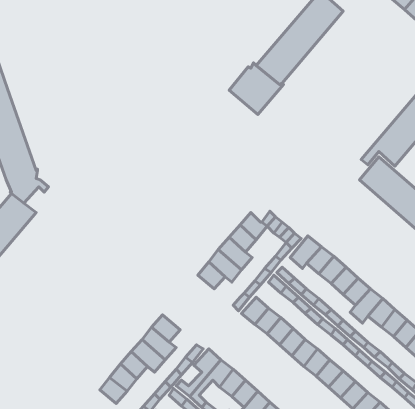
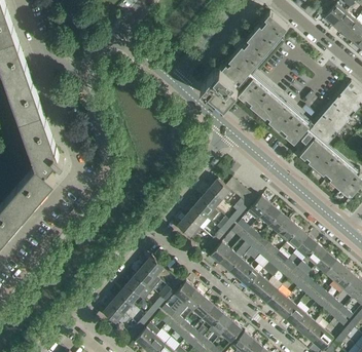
building: none -> [238,76,309,142]

